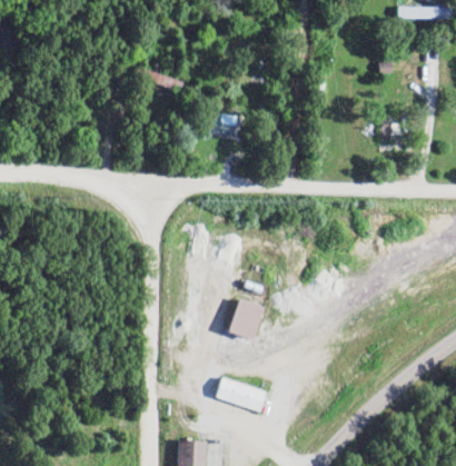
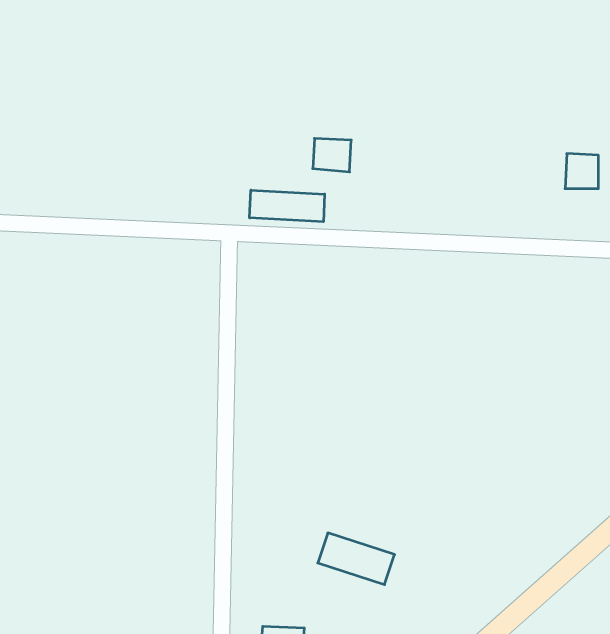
building: none -> [250,190,325,222]
building: [228,298,265,340] -> none

